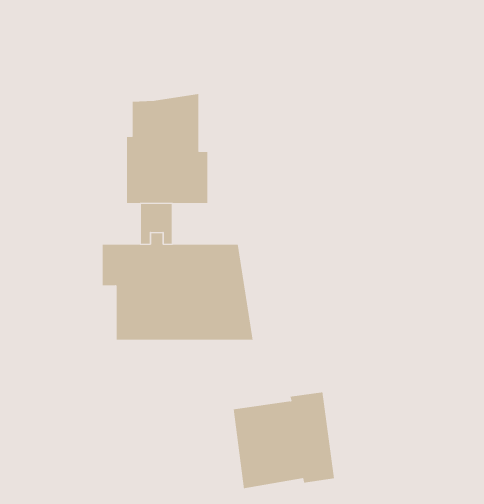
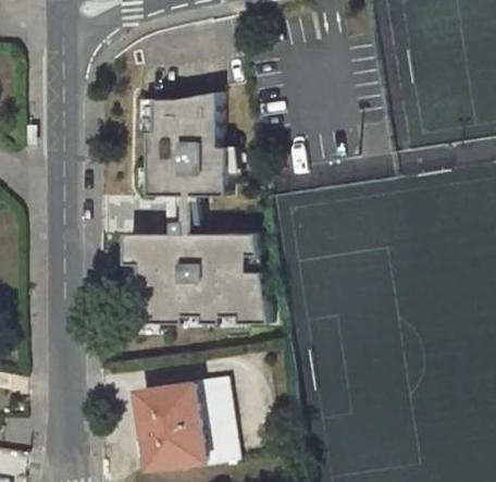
building: [233,392,335,489] -> [136,374,232,466]

